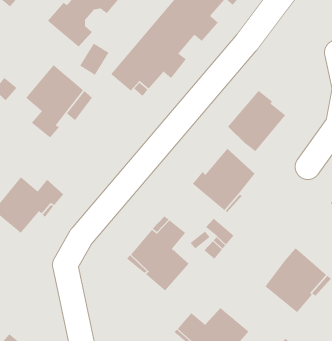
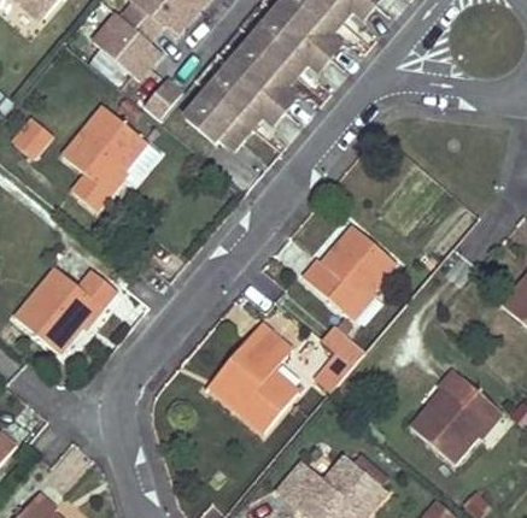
building: [227,90,286,152] -> none

